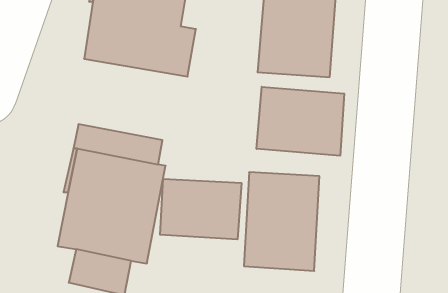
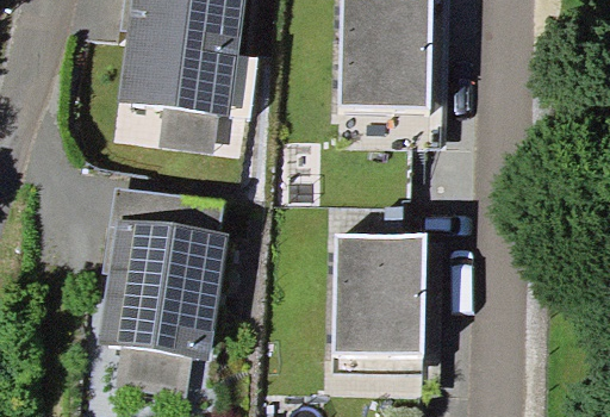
building: [257,87,344,156] -> none
building: [160,179,241,239] -> none

